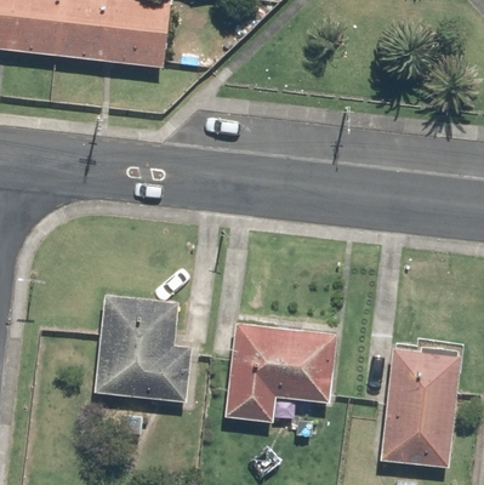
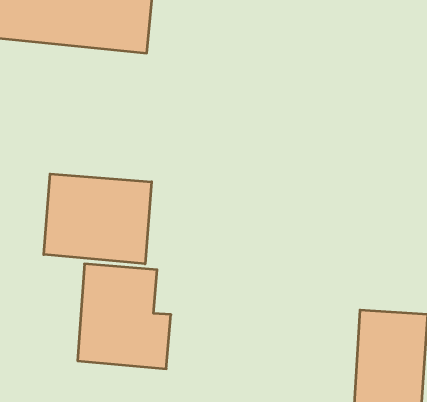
building: none -> [44,174,152,264]
building: [226,323,335,422] -> none

